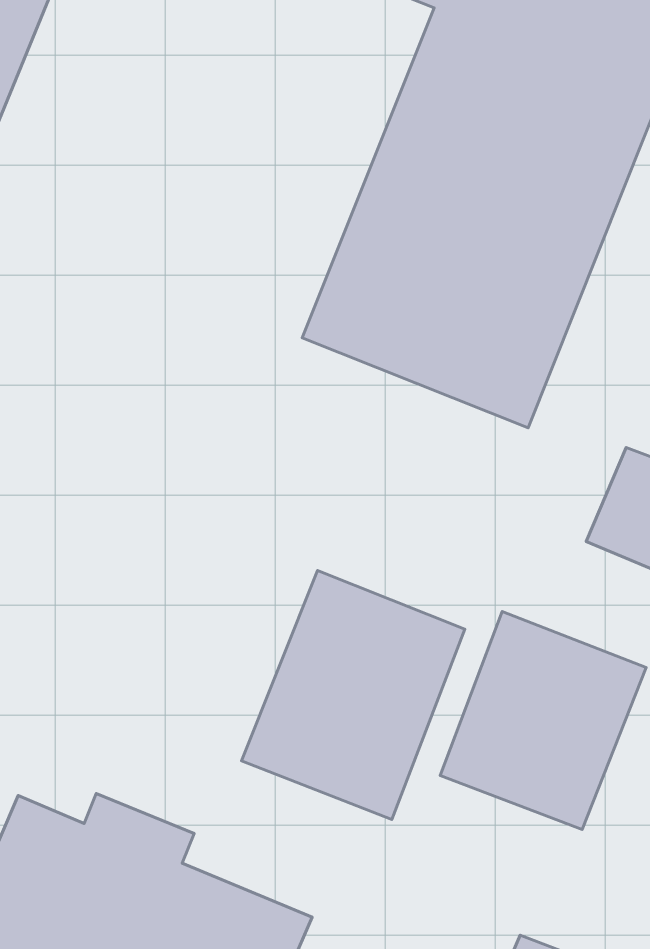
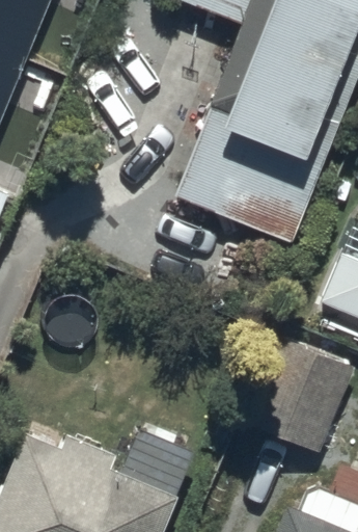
building: [241,570,465,819] -> none

